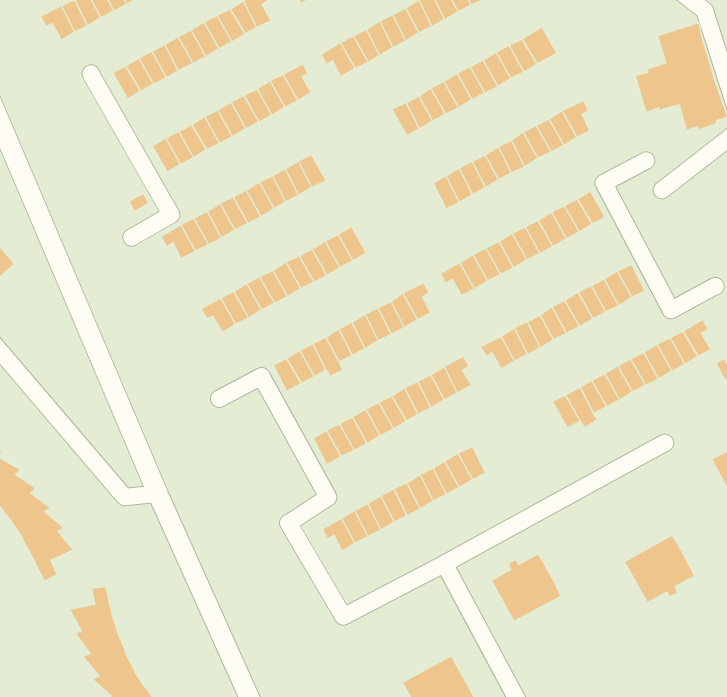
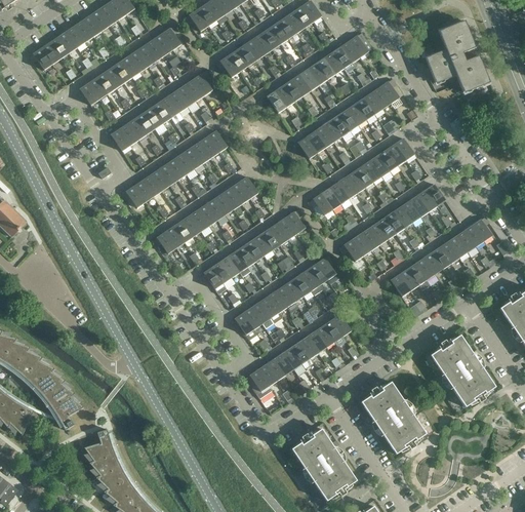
building: none -> [430,334,477,381]
building: none -> [377,407,425,454]
building: none -> [290,428,338,474]

